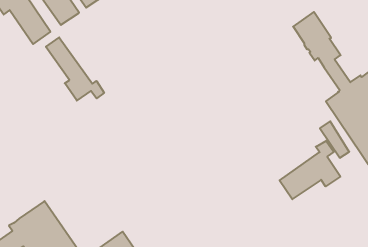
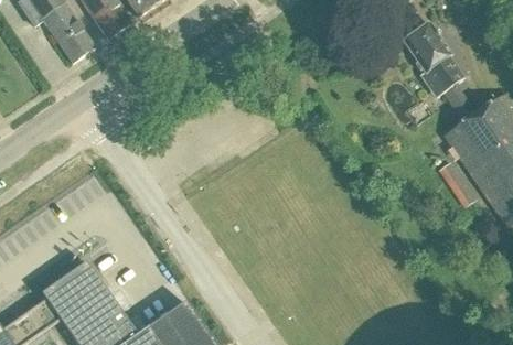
building: [46,37,104,101] -> none
building: [280,141,340,199] -> none

